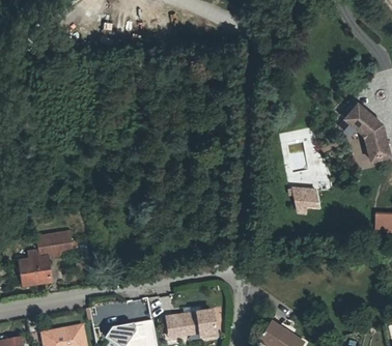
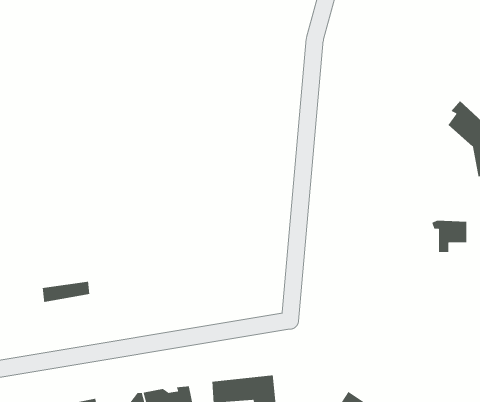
building: [286,188,313,212] -> [431,220,467,253]
building: [21,256,52,284] -> none

